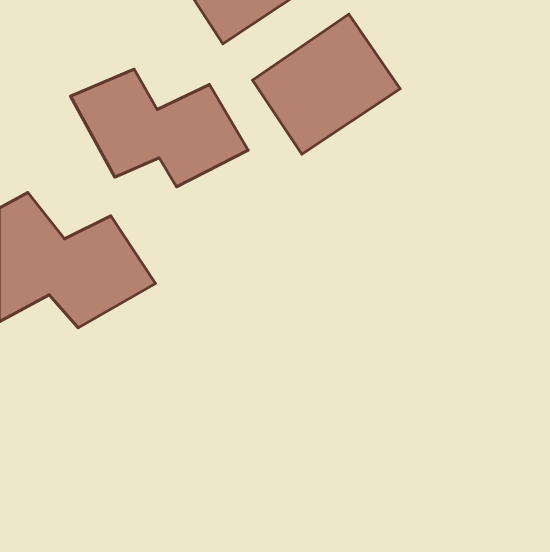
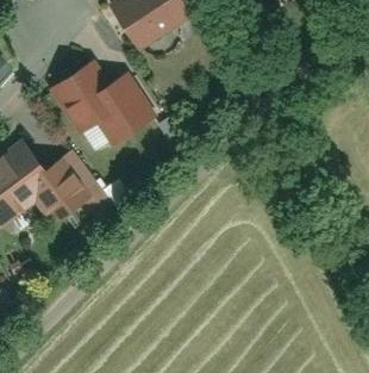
building: [253,14,400,154] -> none

